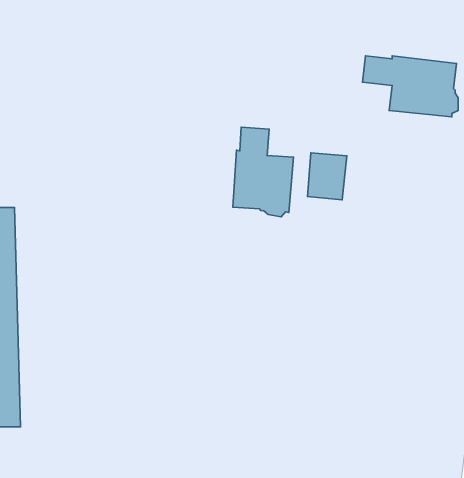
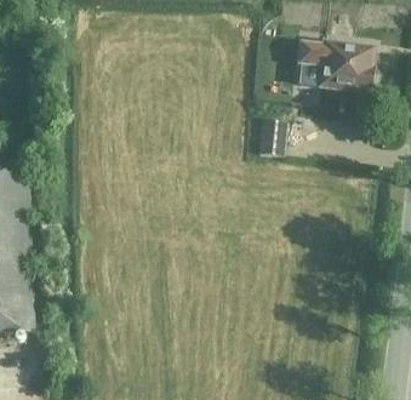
building: [233,127,293,217] -> none

